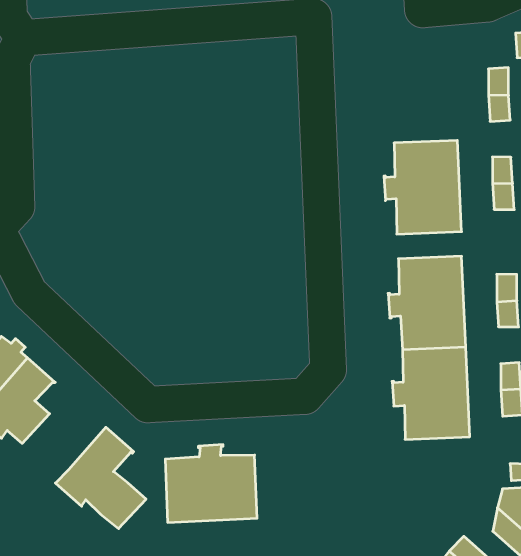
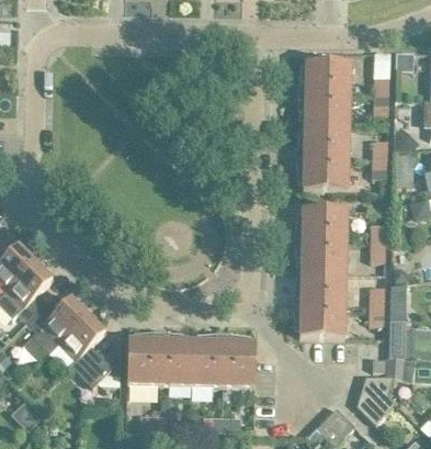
building: none -> [297,60,351,125]
building: none -> [27,295,89,350]
building: none -> [191,332,257,385]

